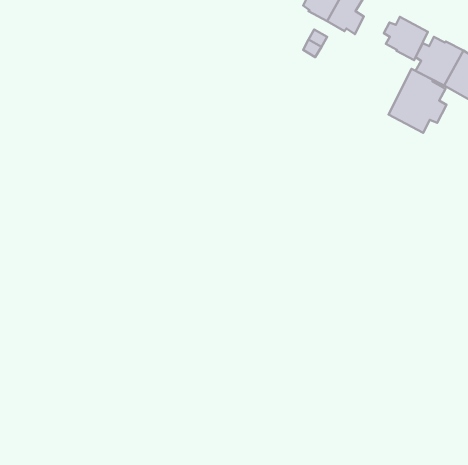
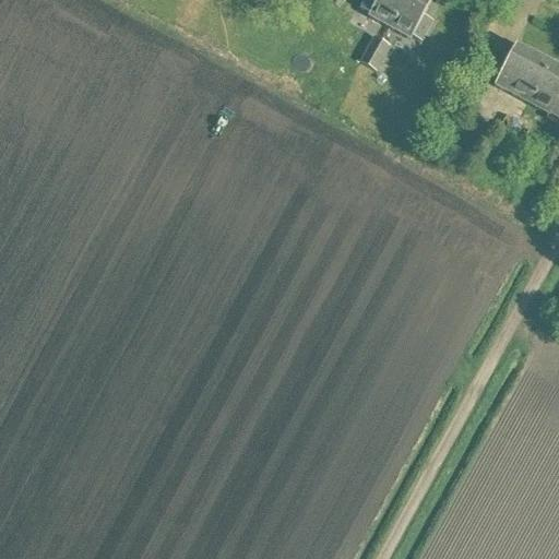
building: [384,17,428,60] -> none
building: [389,69,446,133] -> none

